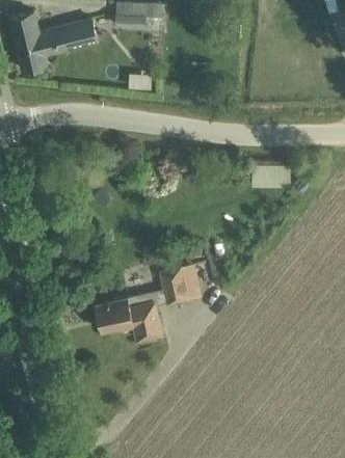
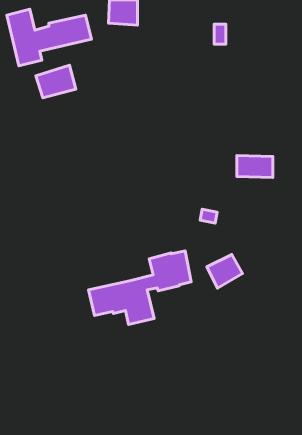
building: none -> [36,65,76,98]
building: none -> [207,254,243,288]

